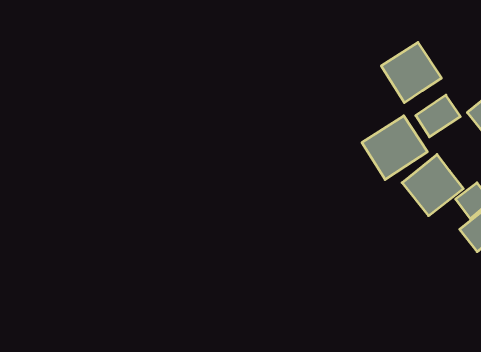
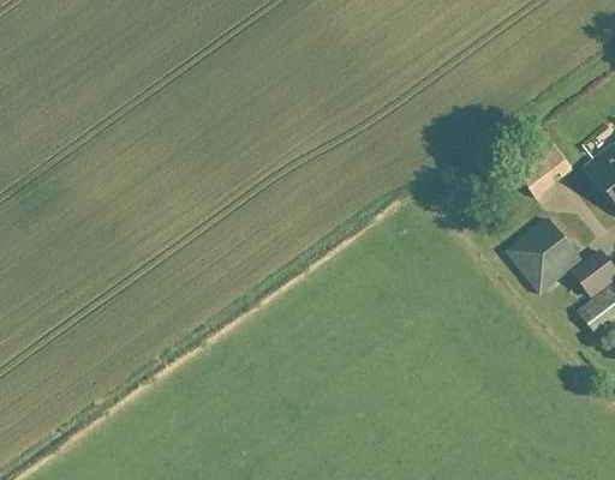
building: [381,42,441,103] -> none
building: [362,116,427,180] -> none

